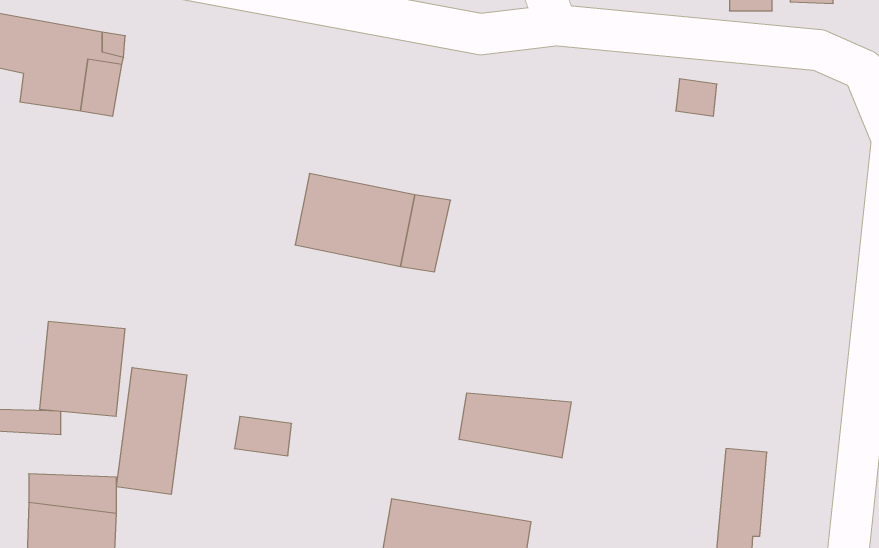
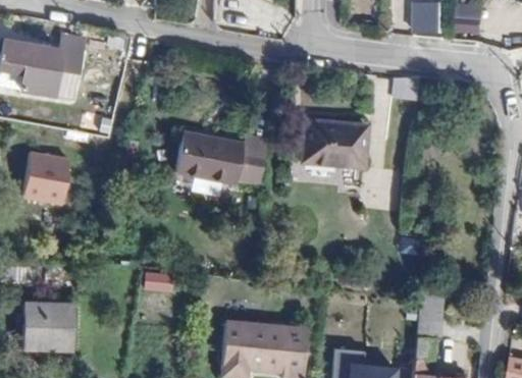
building: none -> [300,119,367,168]
building: [39,322,125,416] -> [21,151,70,205]
building: [116,367,187,494] -> none
building: [459,393,571,458] -> none

